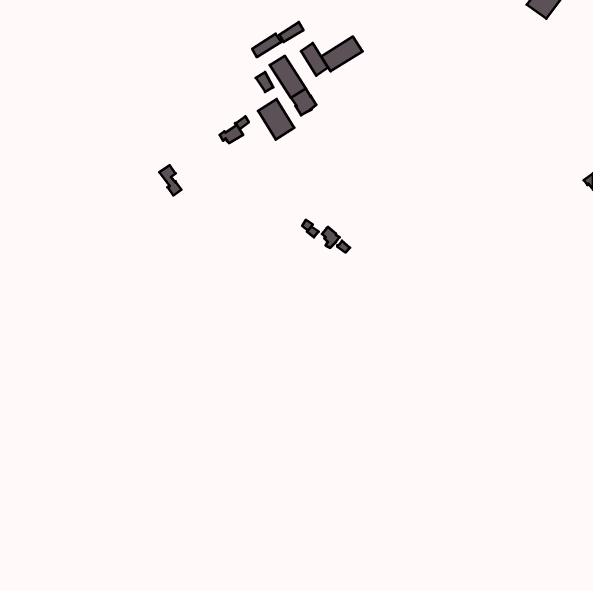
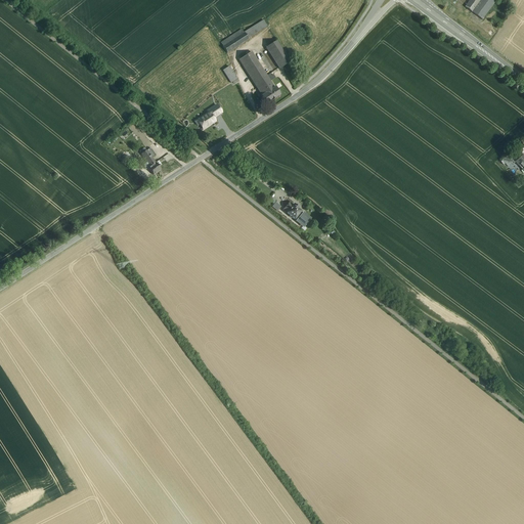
building: [321,37,363,71] -> none
building: [258,99,294,140] -> none

